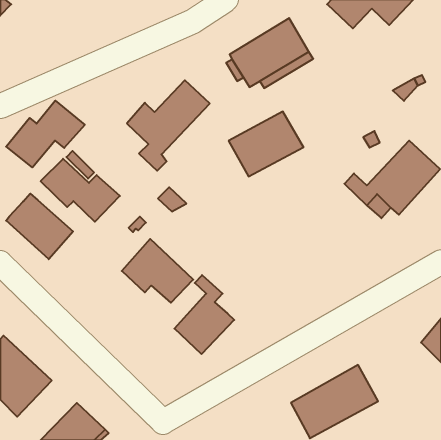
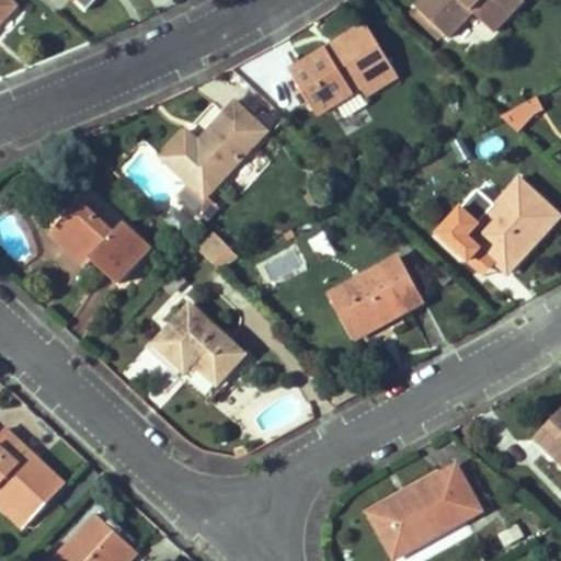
building: [6,101,85,167] -> none
building: [229,112,304,176] -> [330,254,425,336]
building: [6,194,73,259] -> none
building: [174,275,234,354] -> none

